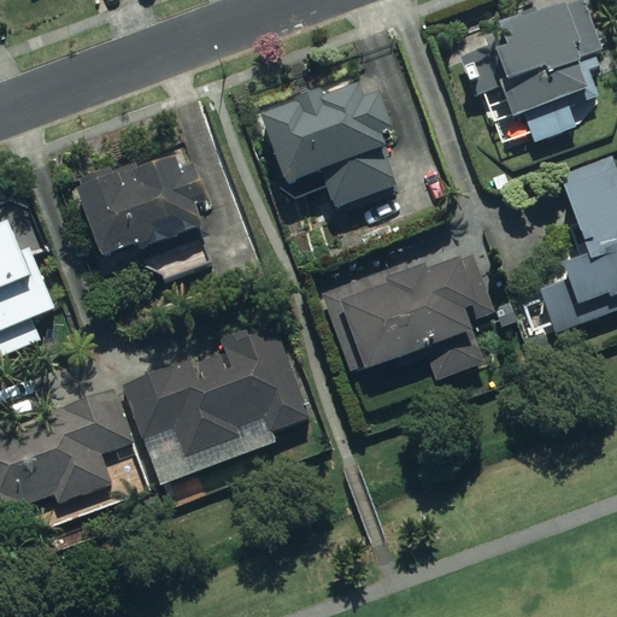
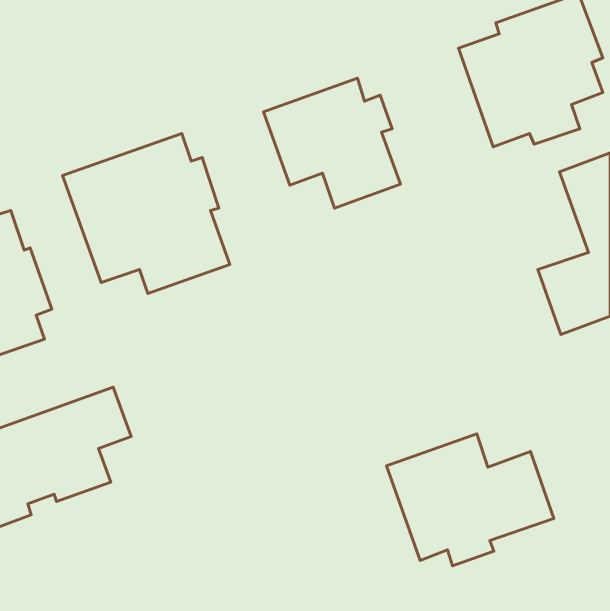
building: [325,248,487,382] -> none
building: [123,327,312,505] -> none
building: none -> [386,434,554,566]

